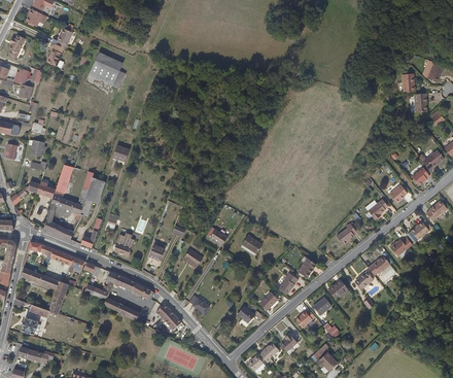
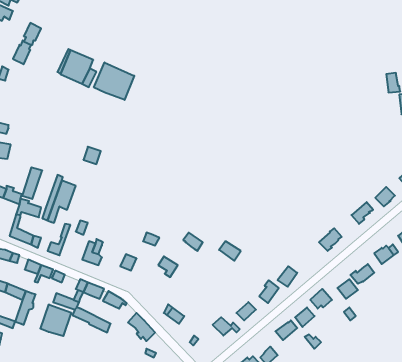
building: none -> [94,62,134,100]
building: none -> [40,304,71,336]

